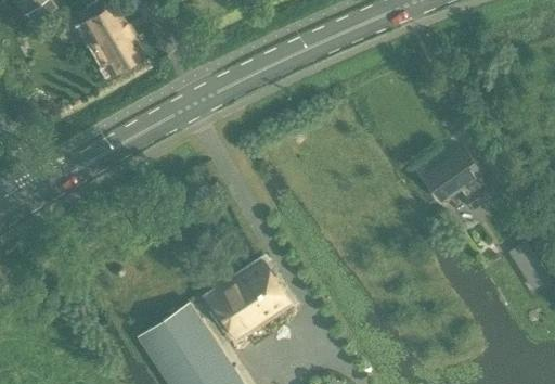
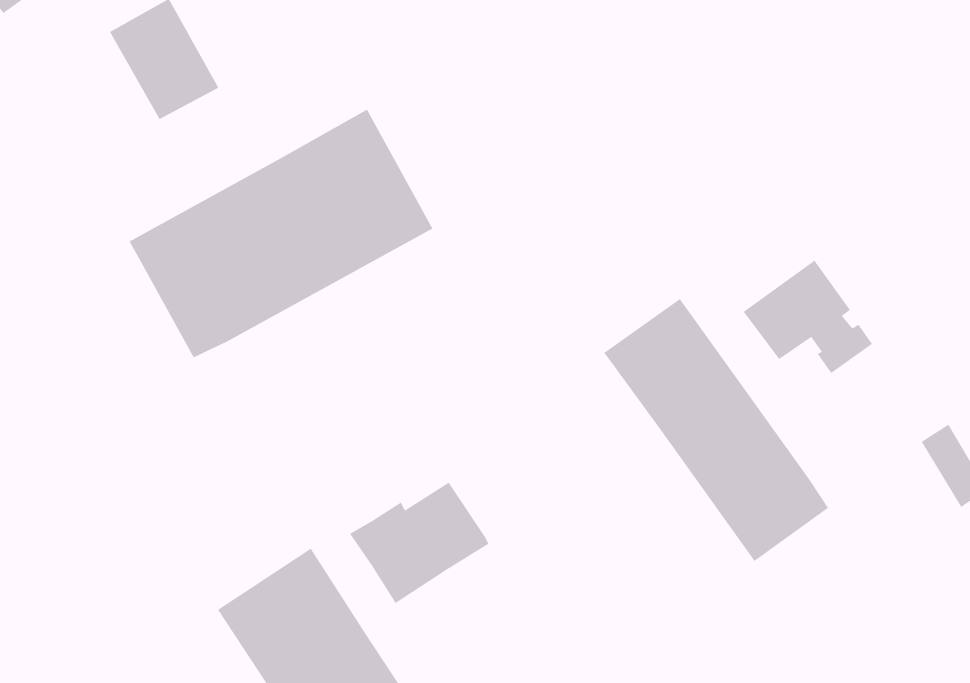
building: none -> [129,109,433,358]
building: none -> [604,298,829,562]

